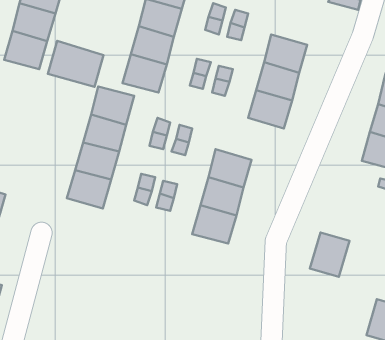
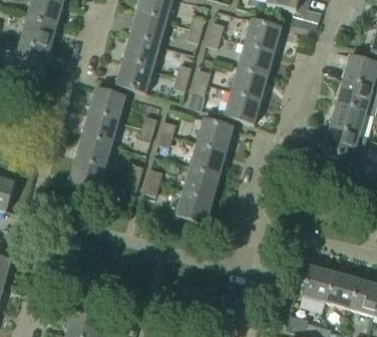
building: none -> [244,18,282,51]
building: [48,41,103,87] -> none
building: none -> [196,117,234,150]
building: [310,233,349,277] -> [301,264,335,302]

